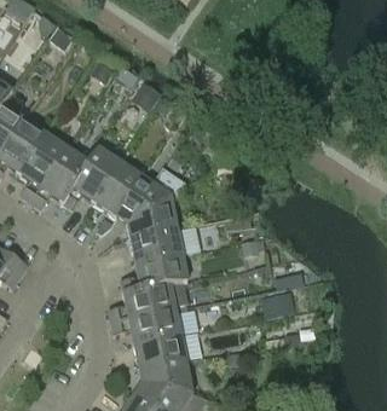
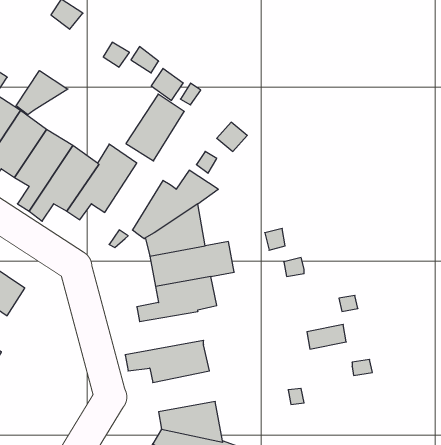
building: none -> [16,71,68,115]
building: [93,161,141,216] -> [126,94,184,161]
building: [108,280,187,320] -> none
building: [133,334,185,367] -> none

